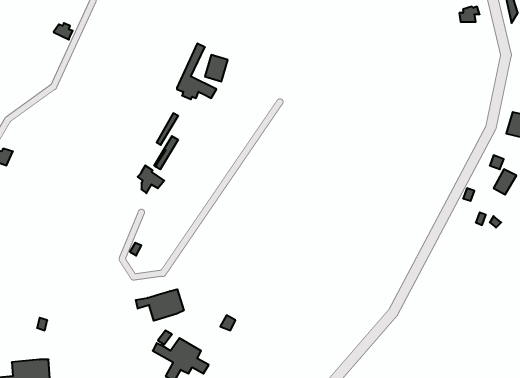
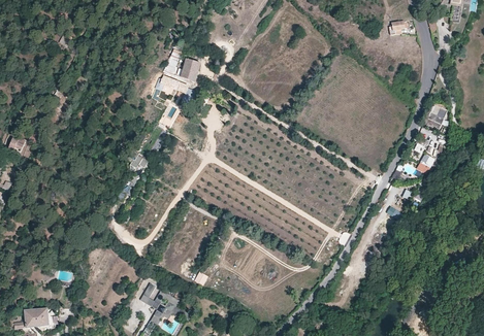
building: [136,289,184,321] -> none

